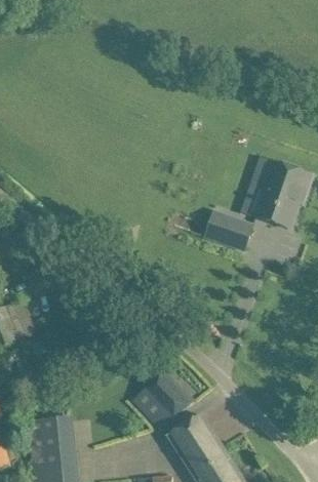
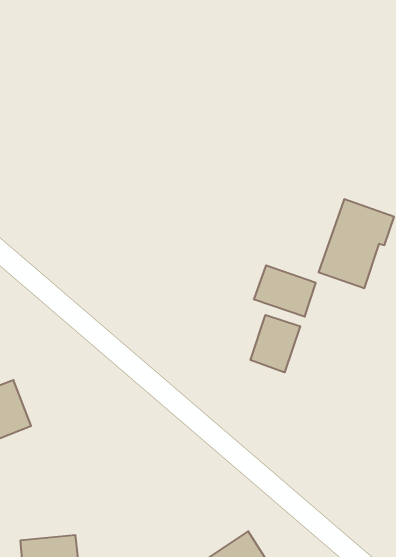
building: none -> [251,315,300,372]
building: [132,369,194,427] -> none

